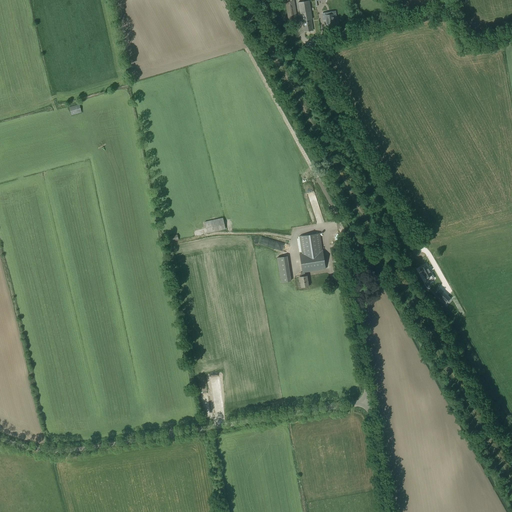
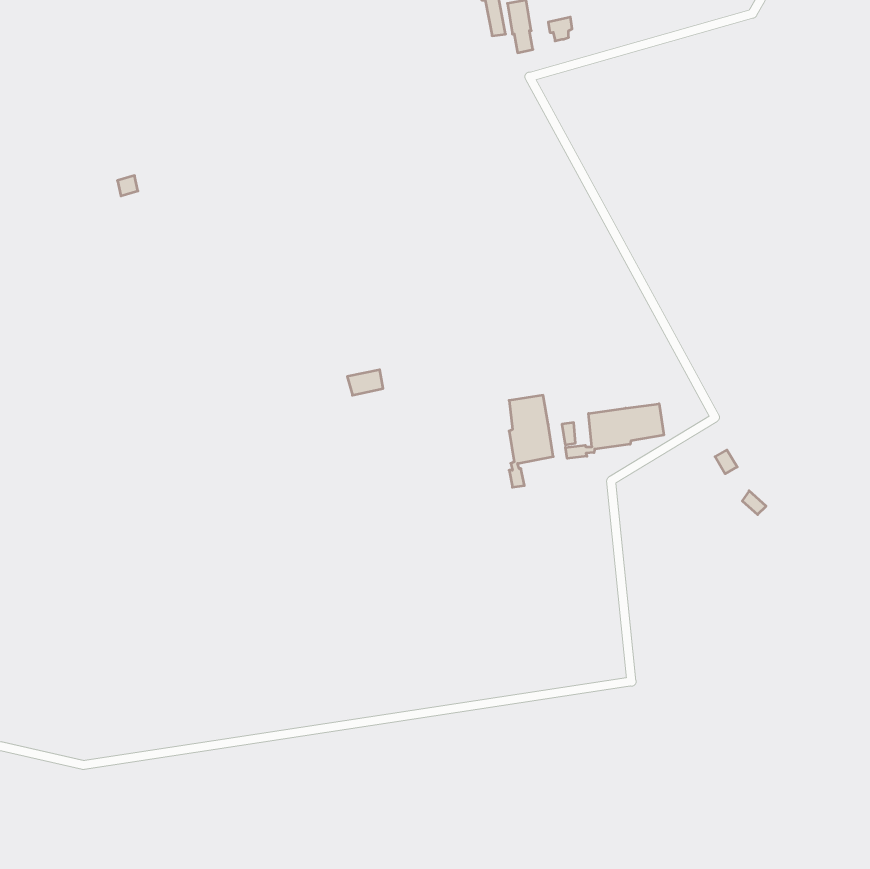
building: none -> [565,404,664,458]

